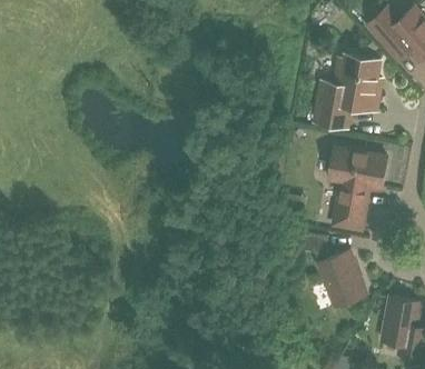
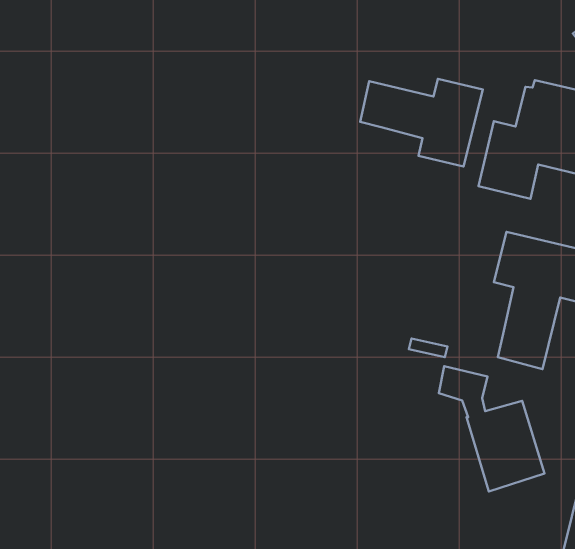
building: none -> [360,79,483,167]

